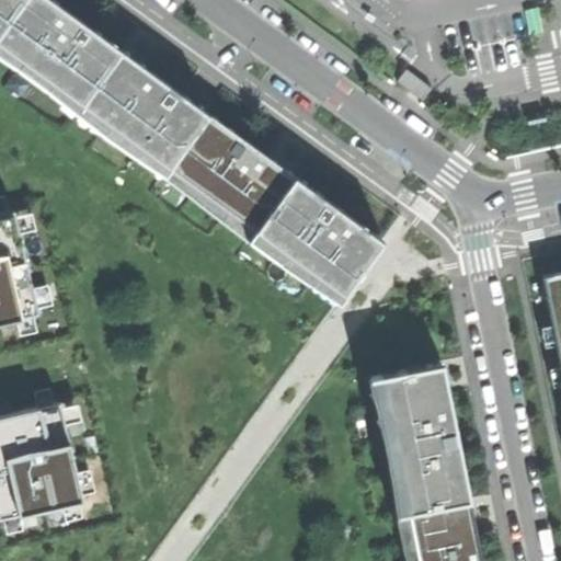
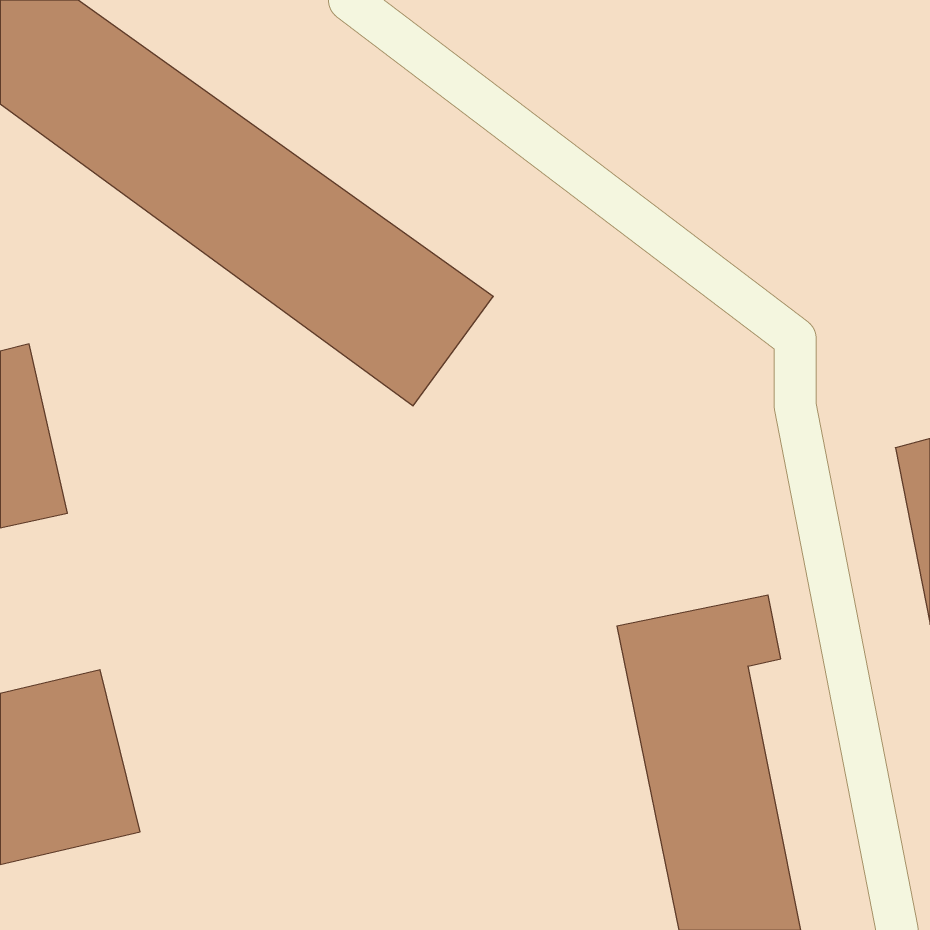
building: [249,179,380,305] -> none

